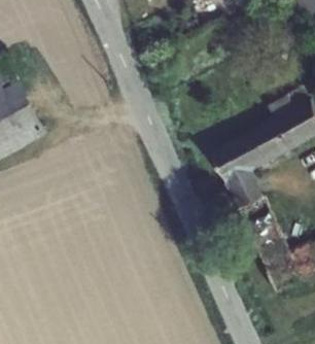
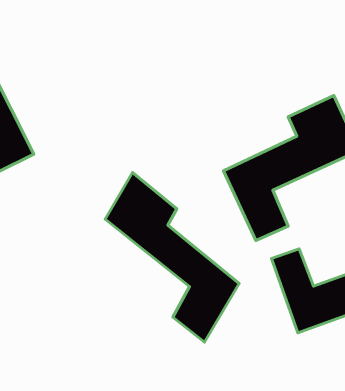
building: none -> [105,172,239,342]

